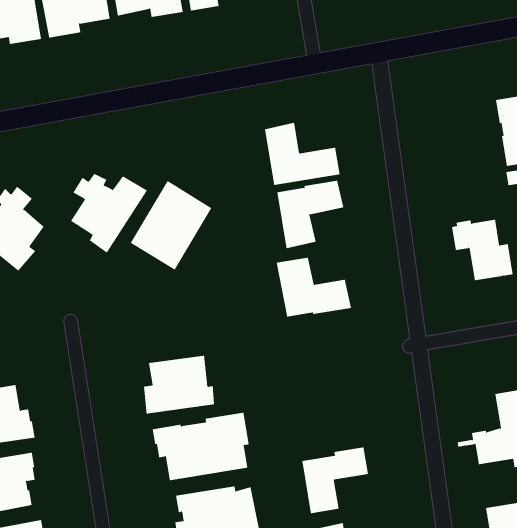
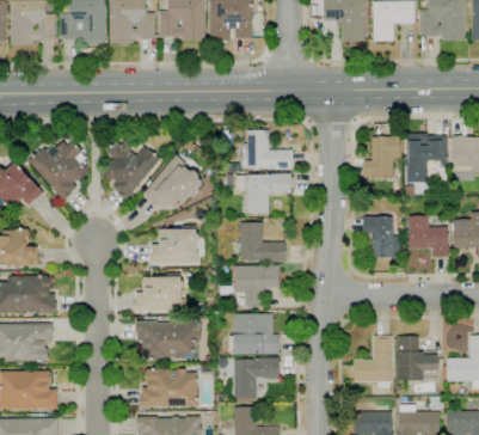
building: none -> [362,136,399,178]
building: none -> [151,228,197,263]
building: none -> [234,265,278,307]
building: none -> [234,314,278,353]

